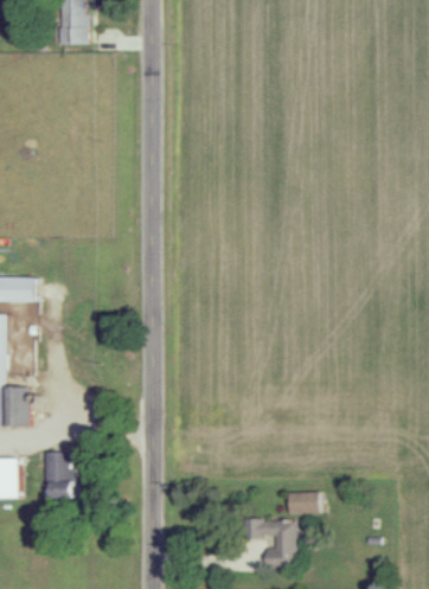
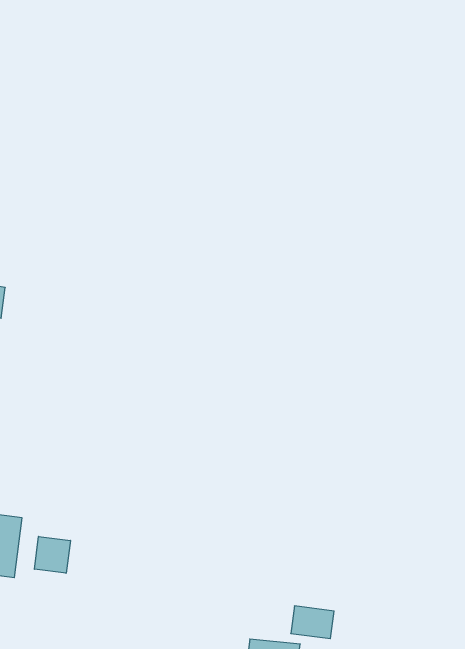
building: none -> [34,536,70,573]

